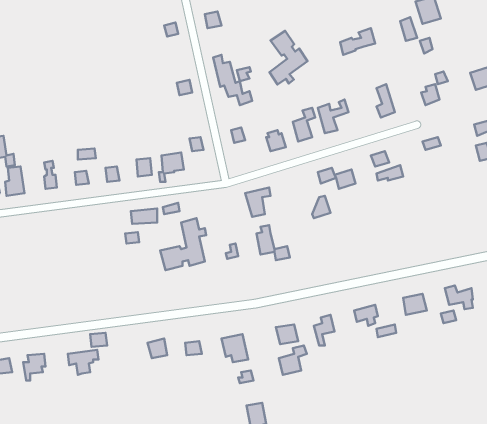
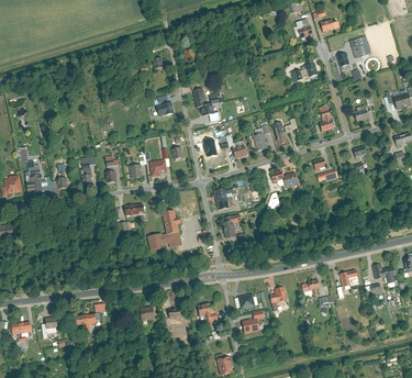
building: [269,31,307,85] -> none

